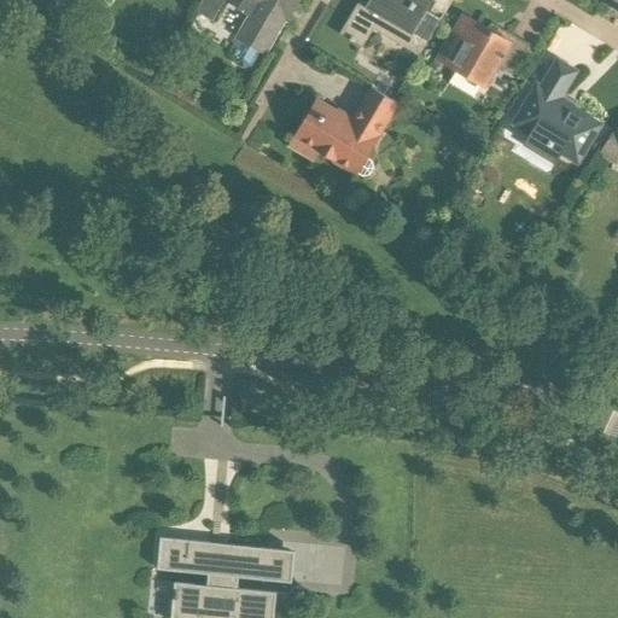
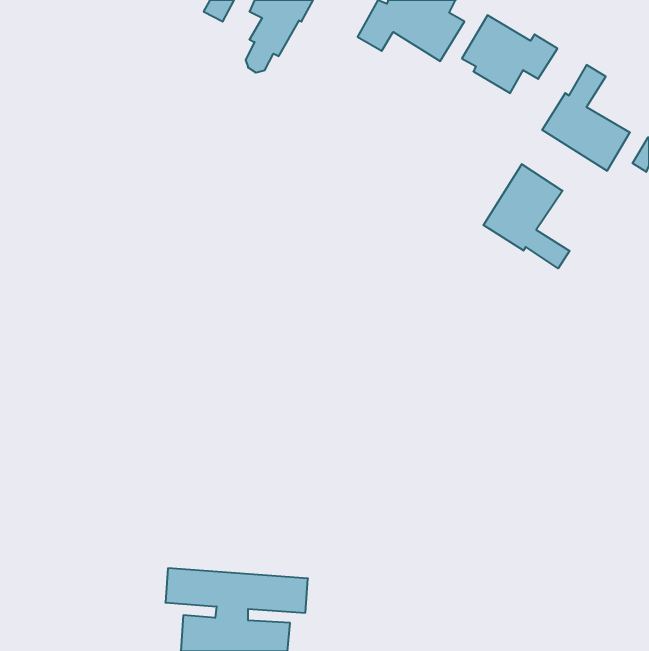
building: [288,88,398,176] -> none
building: none -> [483,164,570,268]

